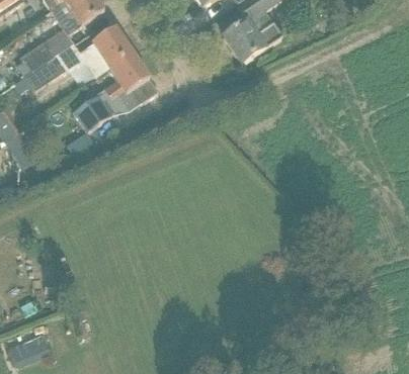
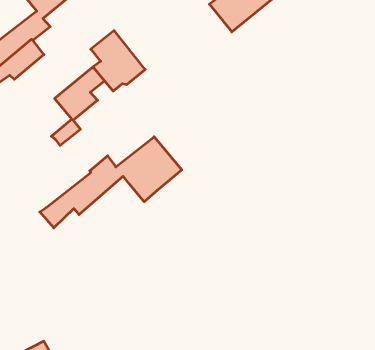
building: [80,26,134,67] -> none
building: none -> [40,137,182,228]

